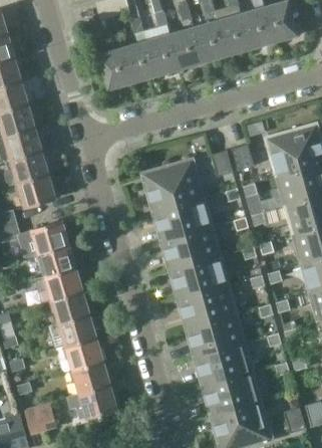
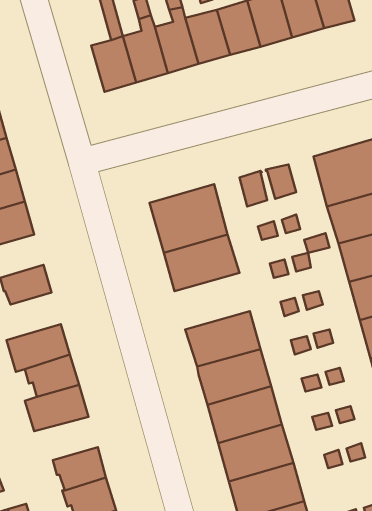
building: [162,227,219,270] -> none
building: [34,242,75,275] -> none
building: [55,337,103,372] -> none

